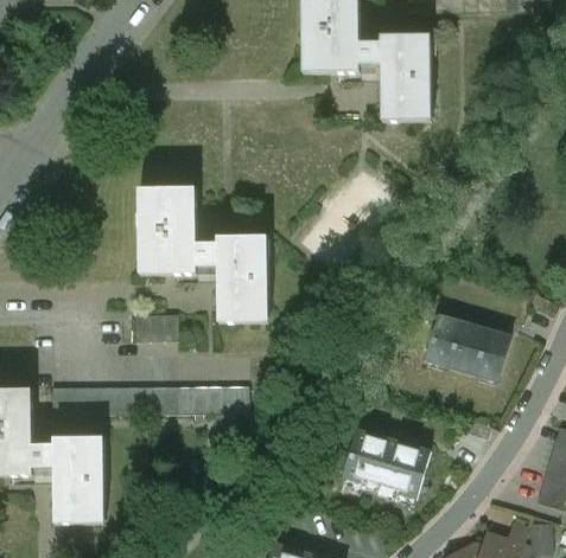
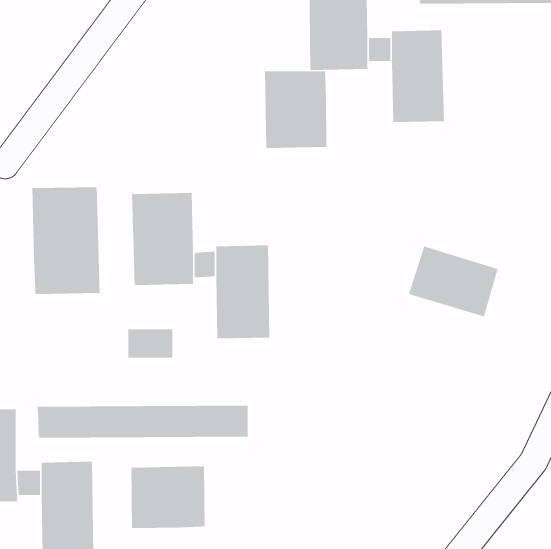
building: none -> [265,70,327,149]
building: none -> [32,186,100,295]
building: [424,318,508,384] -> [408,246,499,317]
building: [342,432,427,500] -> none
building: none -> [131,465,205,529]

